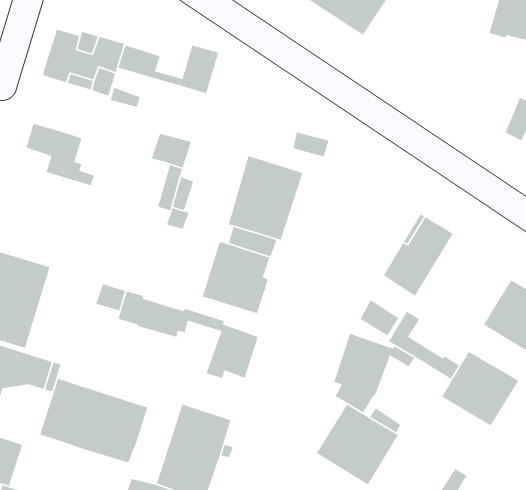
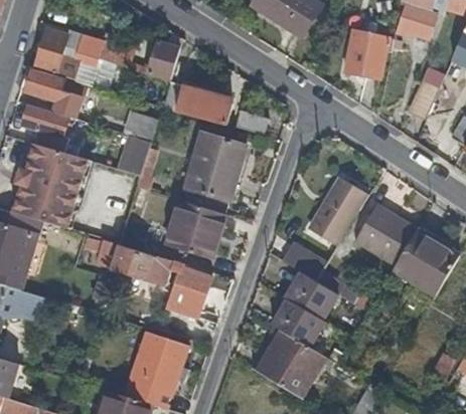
building: none -> [343,31,391,79]
building: none -> [23,70,85,119]
building: none -> [160,81,228,125]
building: none -> [16,150,88,229]
building: [441,351,519,427] -> [353,204,417,265]
building: [39,378,148,463] -> none

